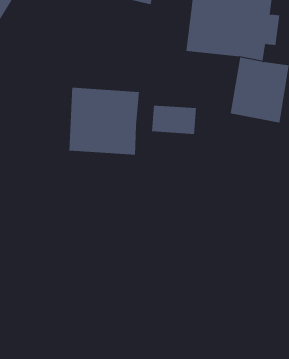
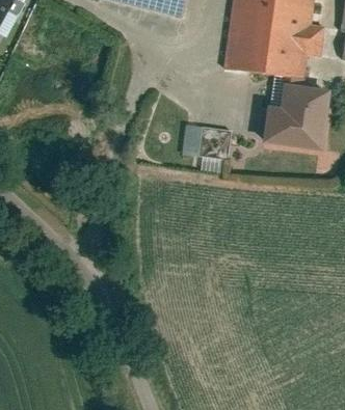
building: [69,87,140,155] -> none

